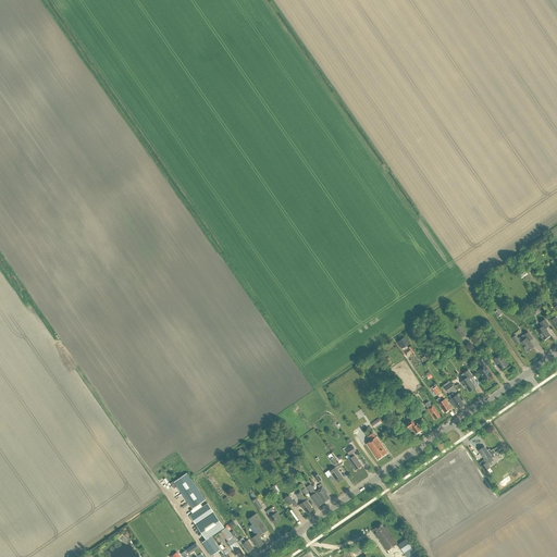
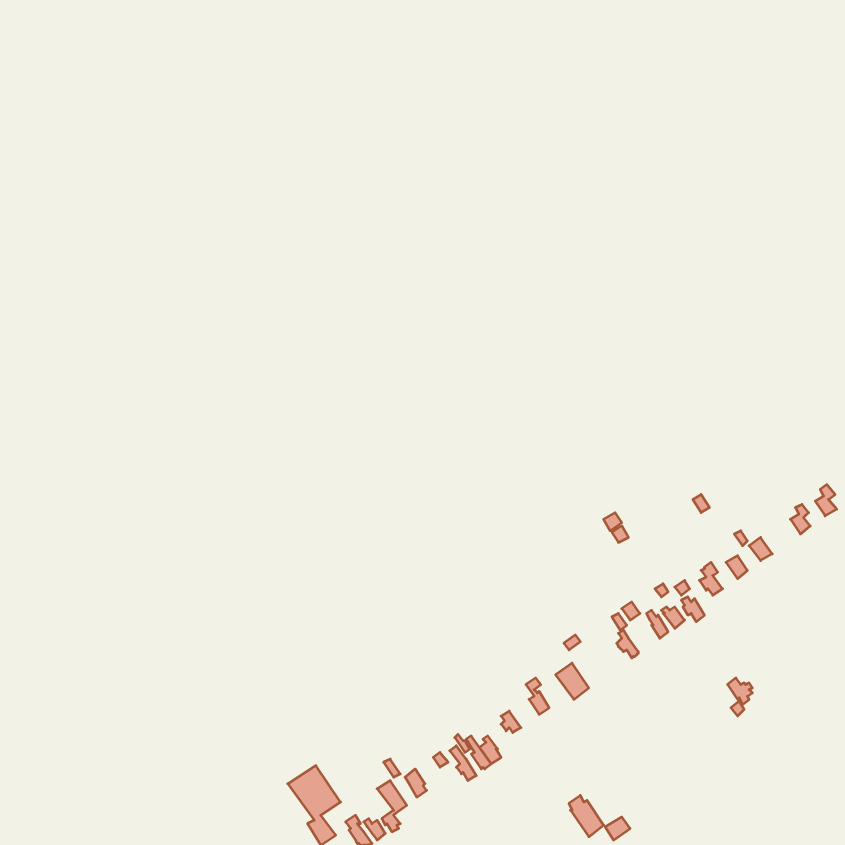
building: [174,473,206,508] -> none

